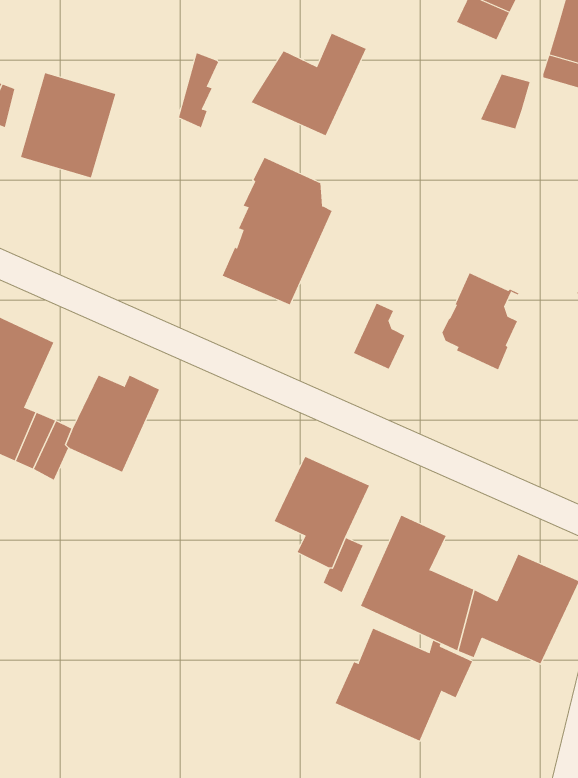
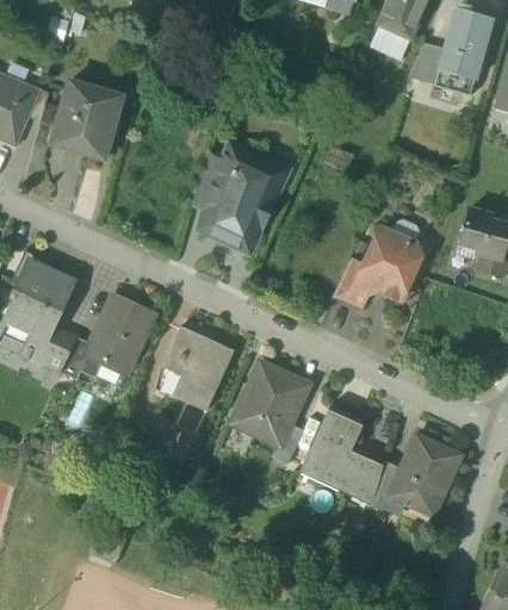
building: [251,33,366,136] -> none
building: [178,52,219,129] -> [193,154,223,210]
building: [480,74,531,129] -> [408,42,445,82]
building: [353,303,405,369] -> [334,259,372,307]
building: none -> [156,325,233,410]
building: [335,628,473,741] -> none

